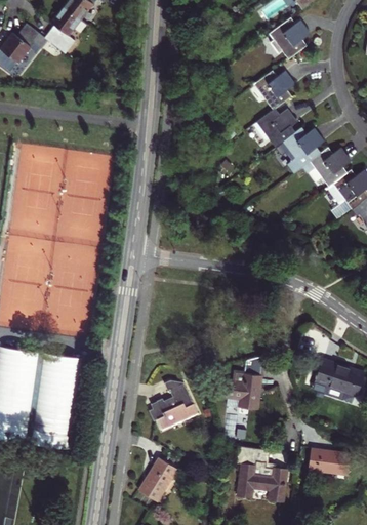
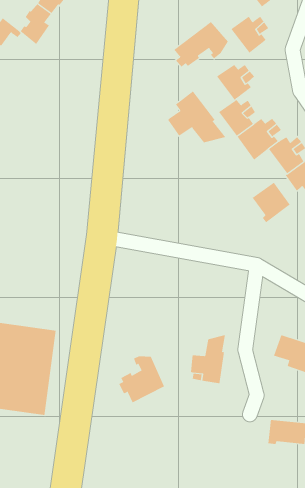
building: none -> [173,21,228,67]
building: none -> [168,90,226,143]
building: none -> [252,182,291,223]
building: [237,446,289,501] -> none
building: [138,459,181,504] -> none

